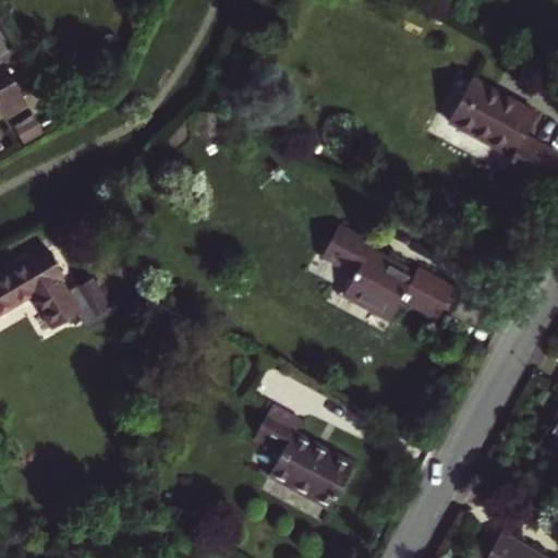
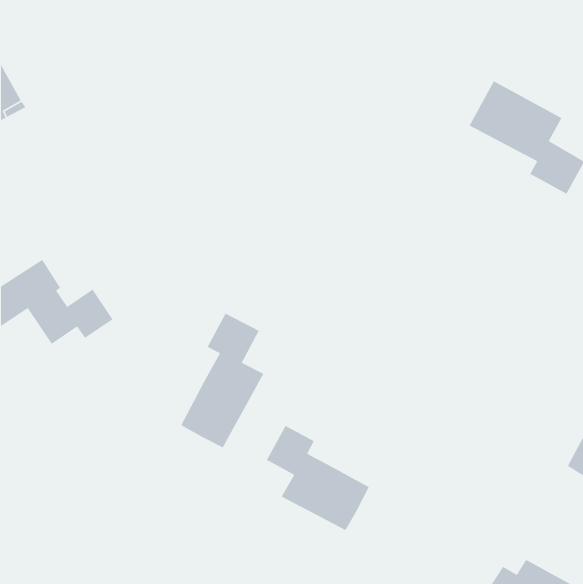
building: [325,223,456,317] -> none
building: none -> [180,312,264,449]

